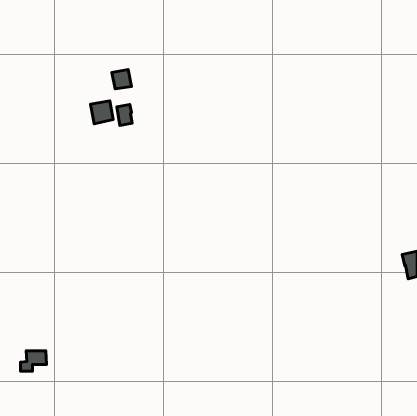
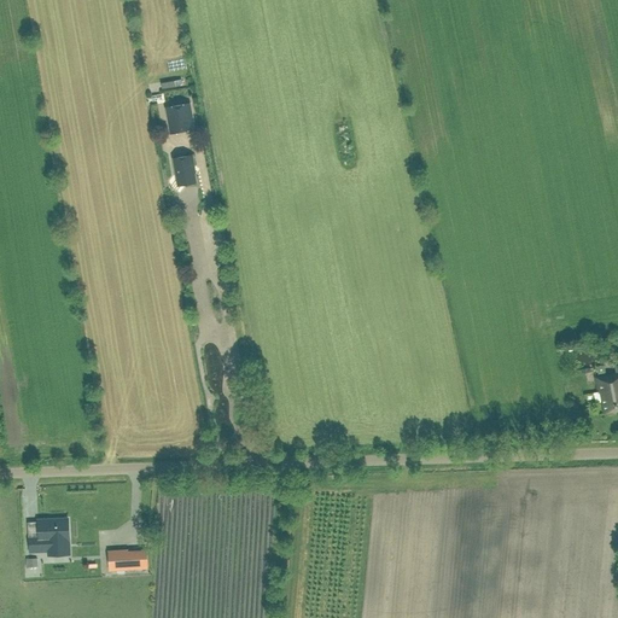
building: [91,101,113,124] -> none
building: none -> [105,547,142,566]

